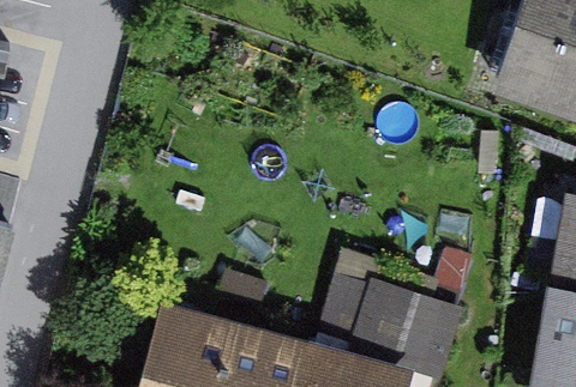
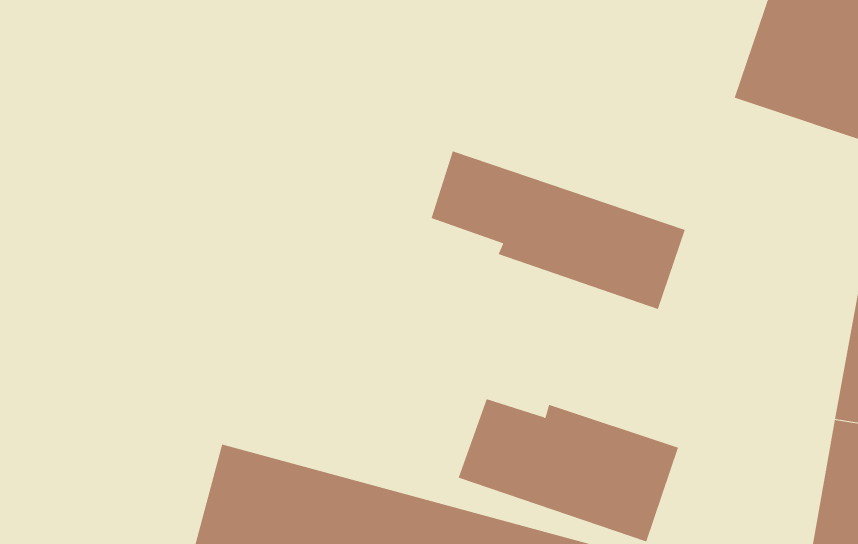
building: none -> [431,150,685,310]

